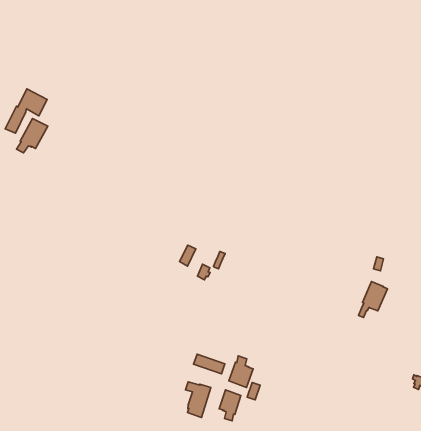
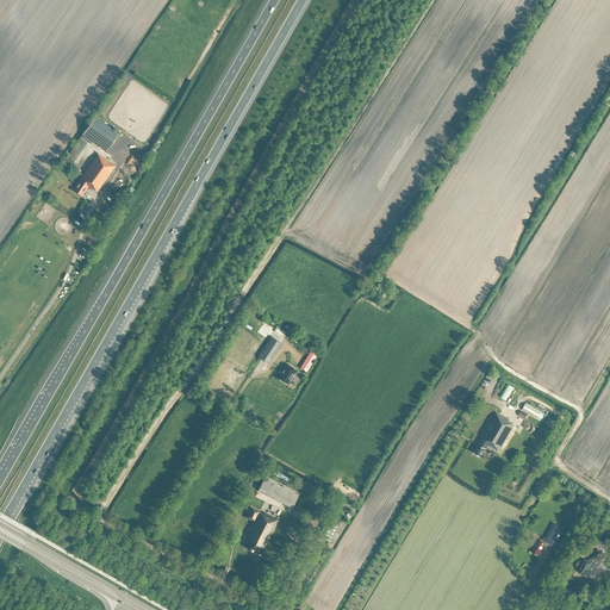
building: [229,356,253,388] -> none
building: [219,390,241,421] -> none

